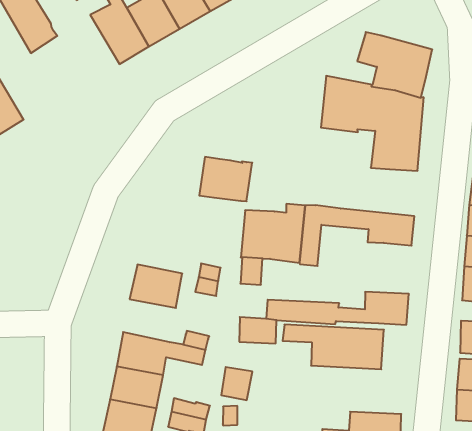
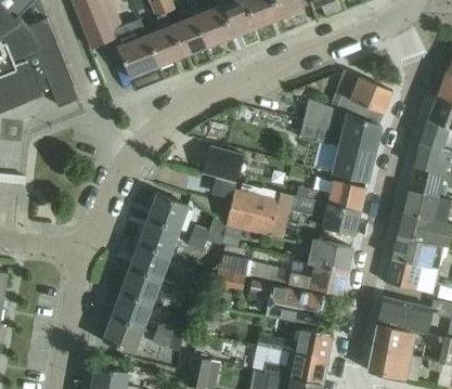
building: none -> [111,20,157,77]
building: none -> [306,180,365,213]
building: none -> [147,193,189,230]
building: none -> [307,238,352,271]
building: none -> [129,243,171,280]
building: none -> [257,328,333,360]

